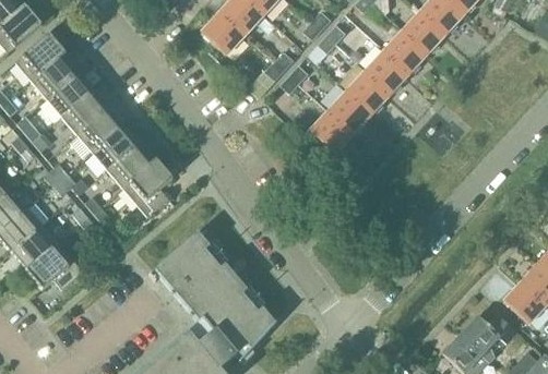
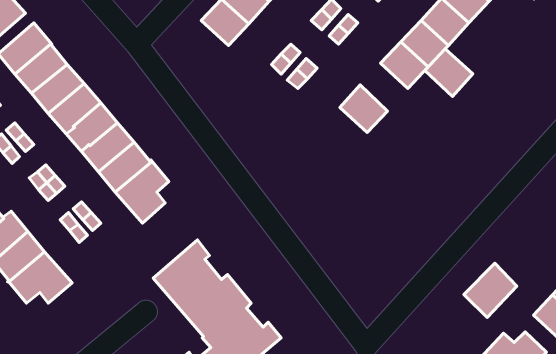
building: [346,71,390,114] -> [425,49,473,97]
building: [309,111,353,155] -> none
building: none -> [464,263,517,318]

